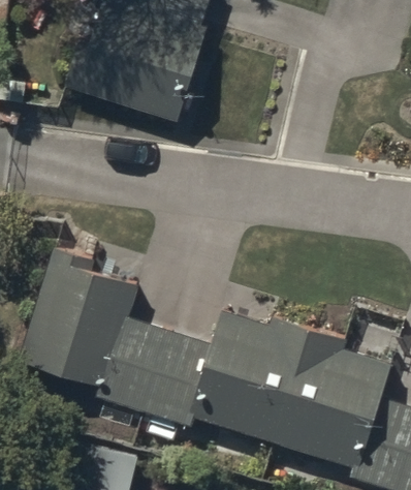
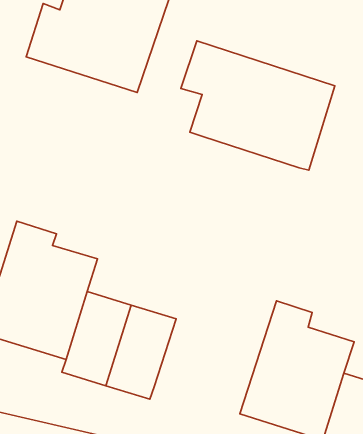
building: none -> [181,41,335,170]
building: [190,316,311,439] -> none

